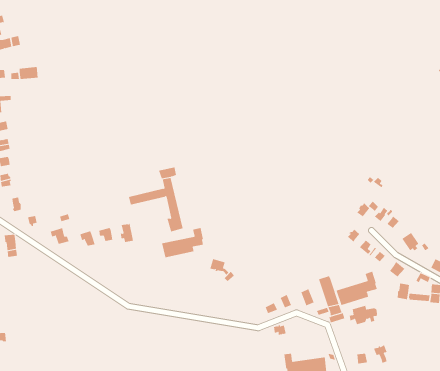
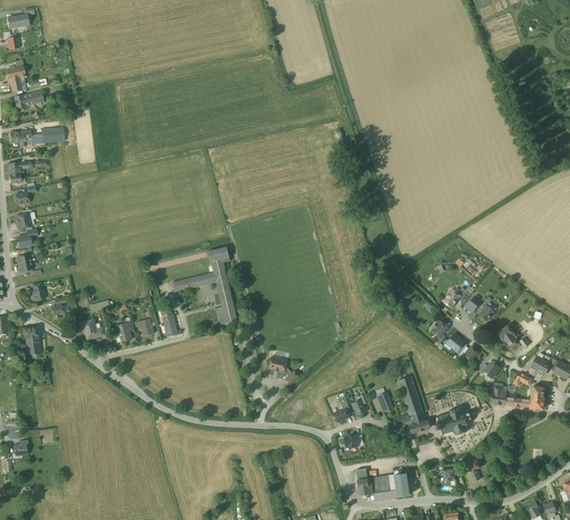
building: [161,227,204,258] -> none
building: [336,271,377,306] -> none

